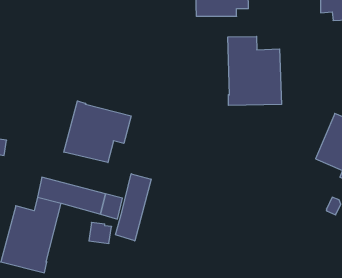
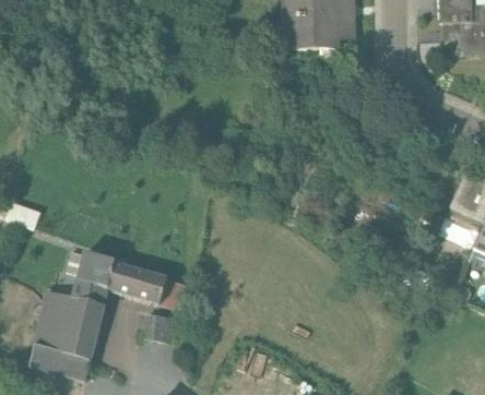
building: [228,36,282,105] -> none
building: [64,101,131,163] -> none
building: [115,174,151,241] -> none

